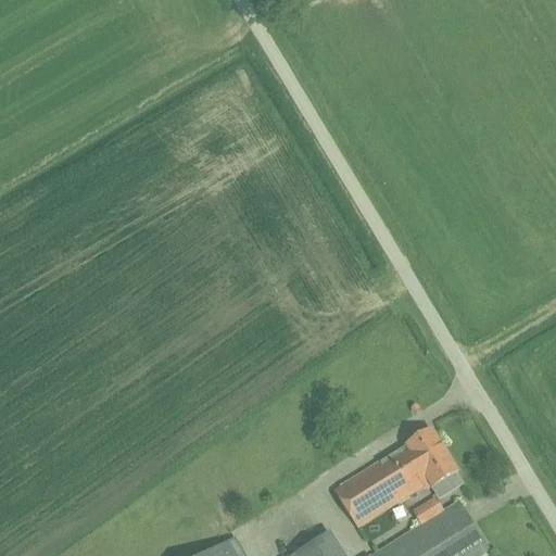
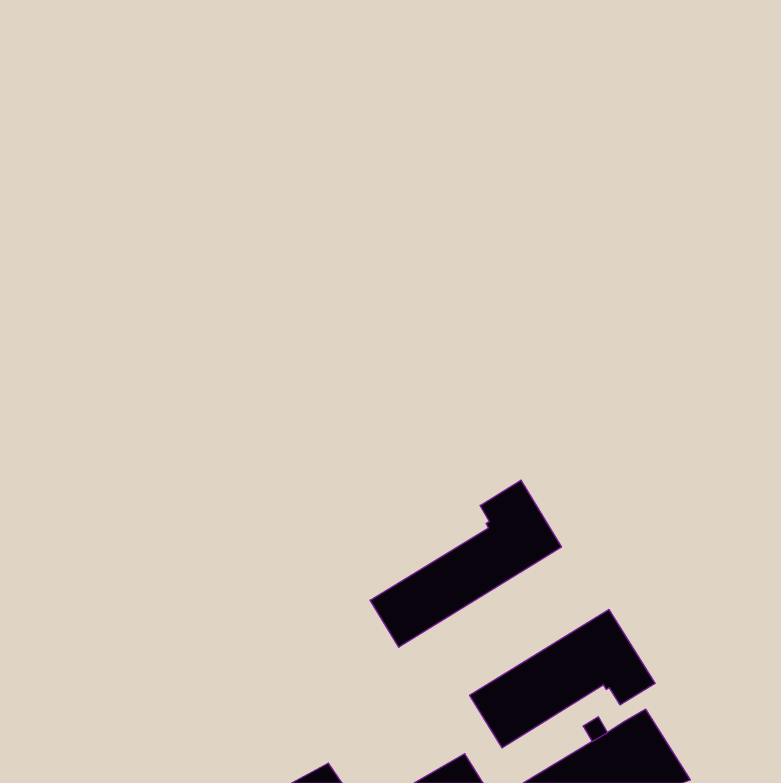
building: none -> [370,480,561,647]

